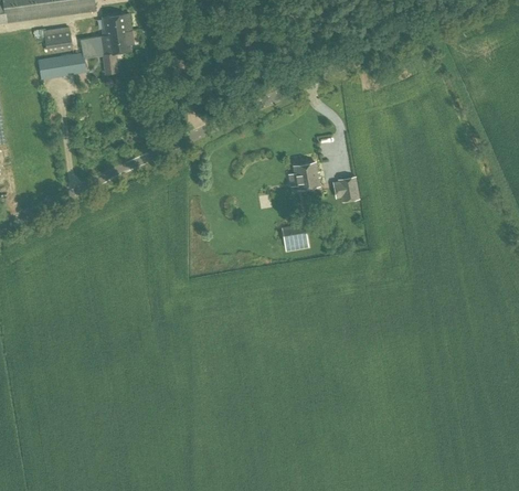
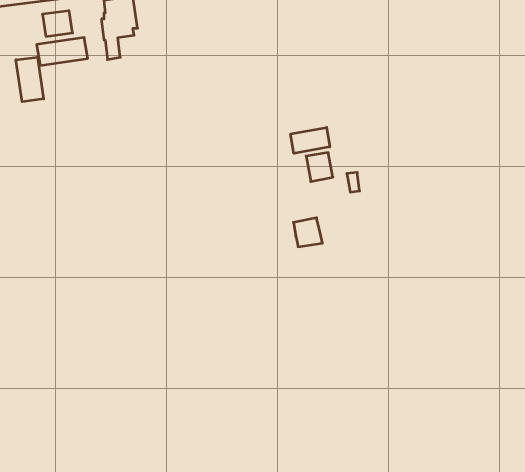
building: none -> [16,57,44,102]
building: none -> [291,127,330,153]

